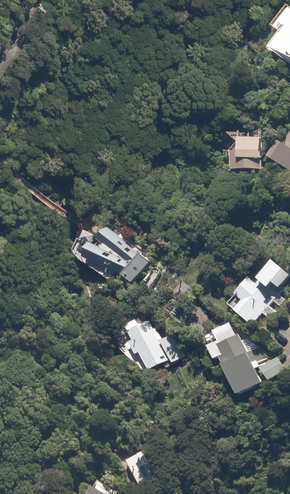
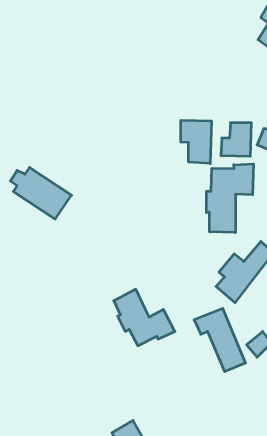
building: none -> [181,120,211,164]
building: none -> [206,164,253,233]
building: [85,228,149,282] -> [10,167,72,219]

